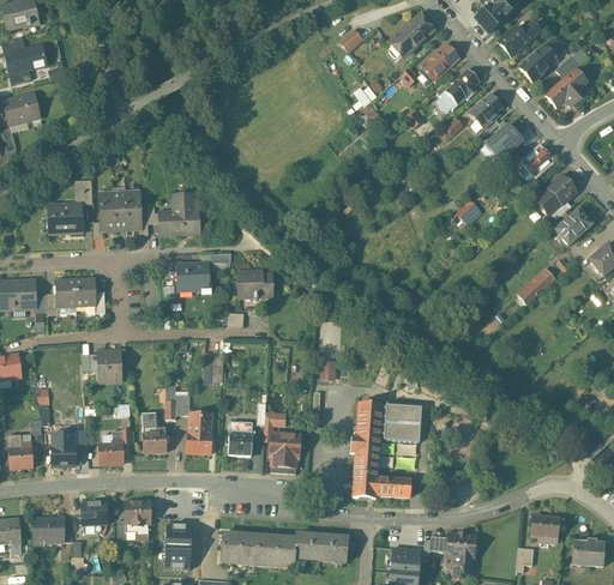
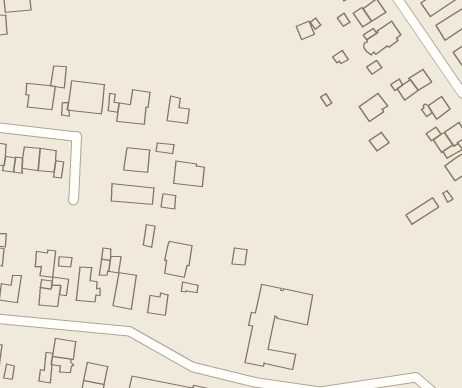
building: [469,95,502,129] -> [359,93,388,121]
building: none -> [167,96,189,124]
building: none -> [111,183,154,204]
building: [97,349,121,380] -> [35,250,56,277]
building: [269,433,299,472] -> [165,241,192,277]
building: [80,502,107,524] -> none

